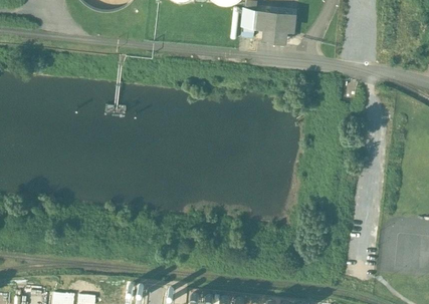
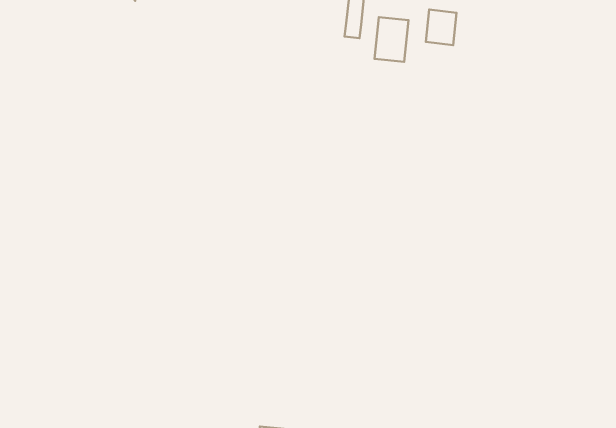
building: none -> [426,10,457,45]

